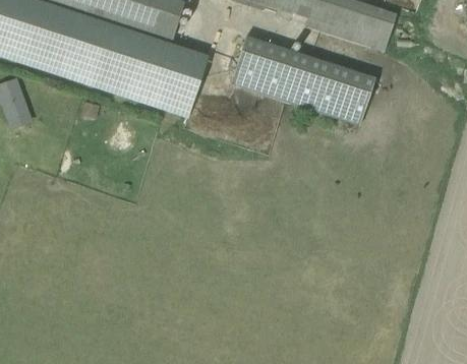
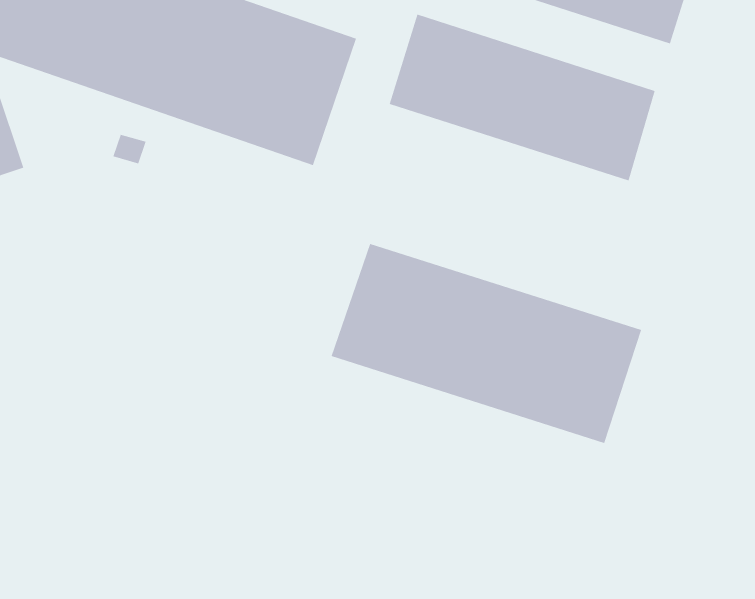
building: none -> [331,243,642,444]

